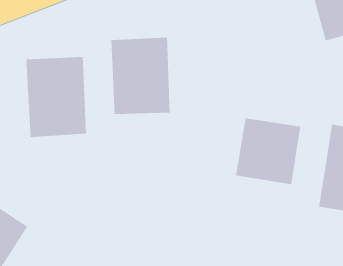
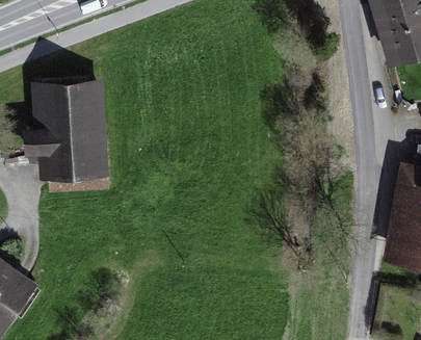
building: [110,37,170,115] -> none
building: [235,118,301,185] -> none

